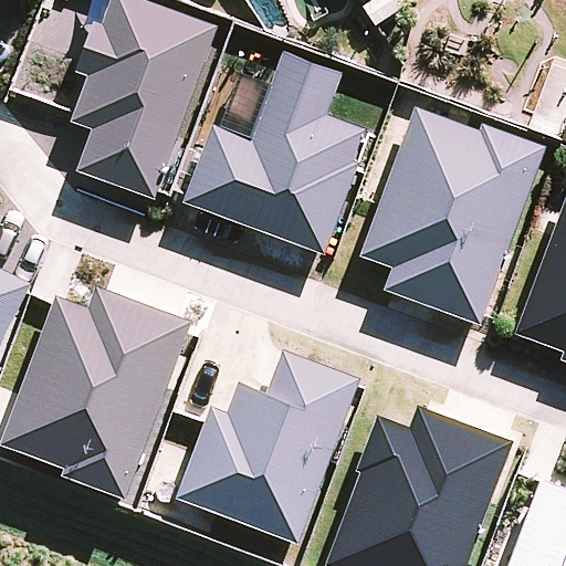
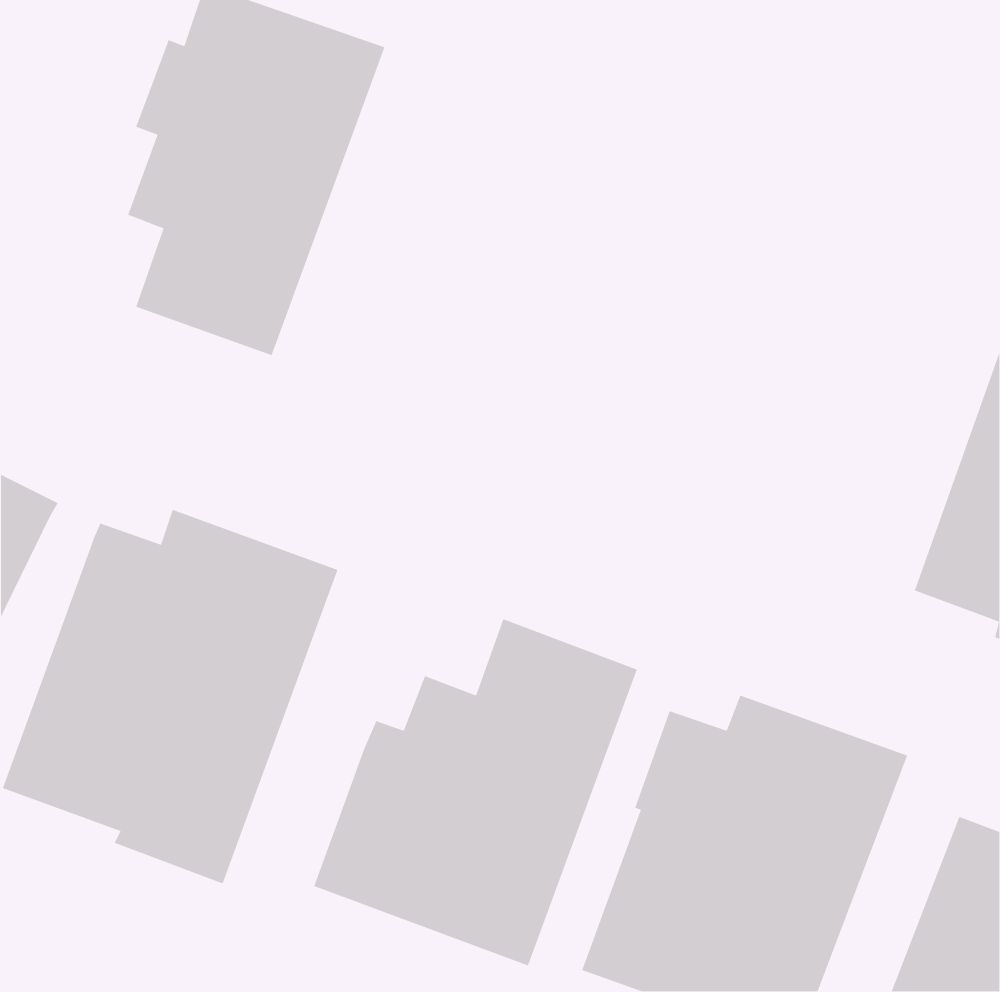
building: [186,52,366,255] -> none
building: [360,106,546,326] -> none

